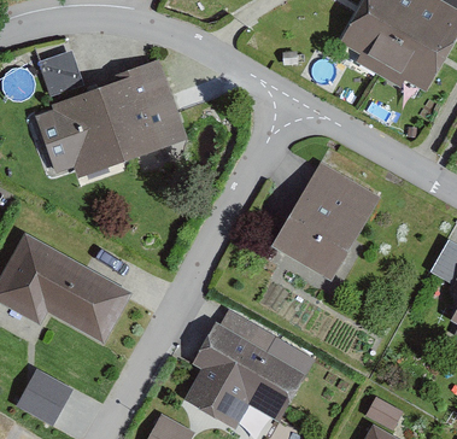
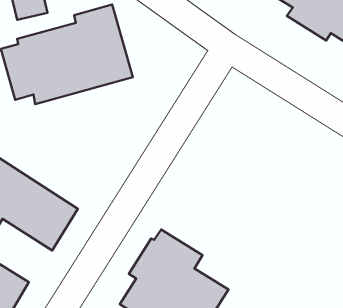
building: [271,162,380,281] -> none

